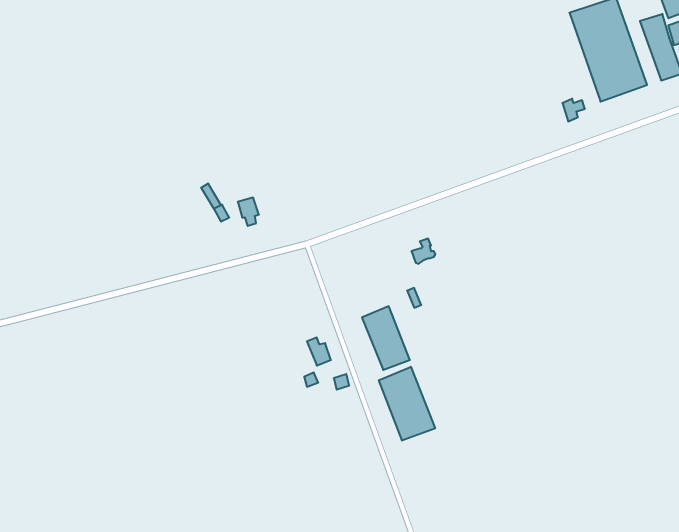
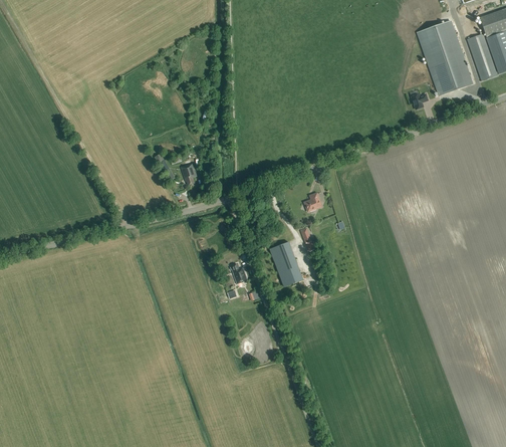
building: [379,367,435,441] -> none

